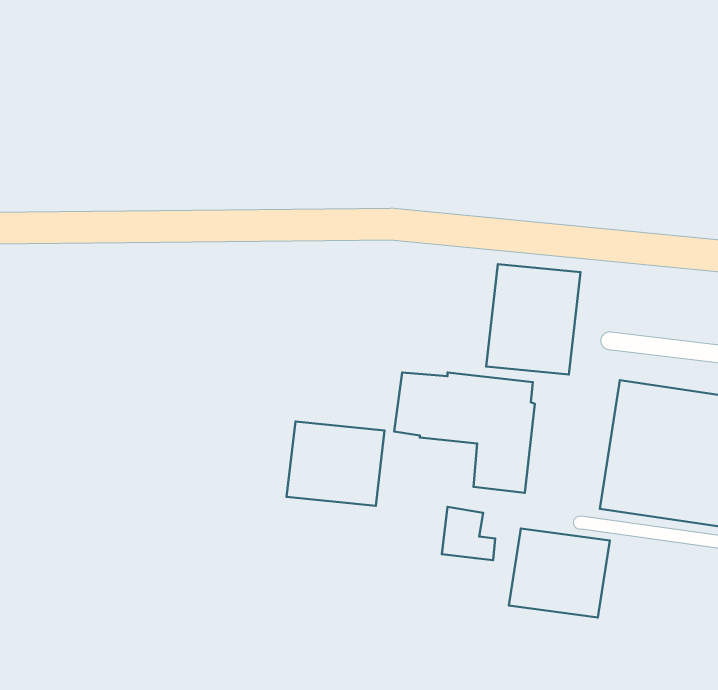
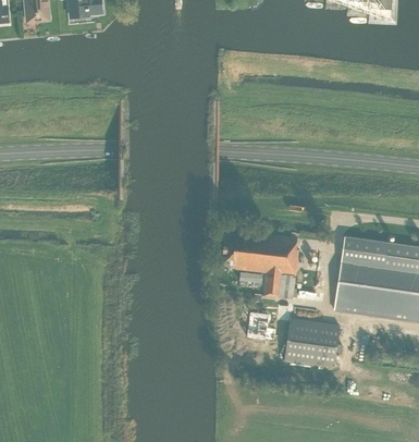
building: [486,264,581,374] -> none
building: [287,421,385,506] -> none

